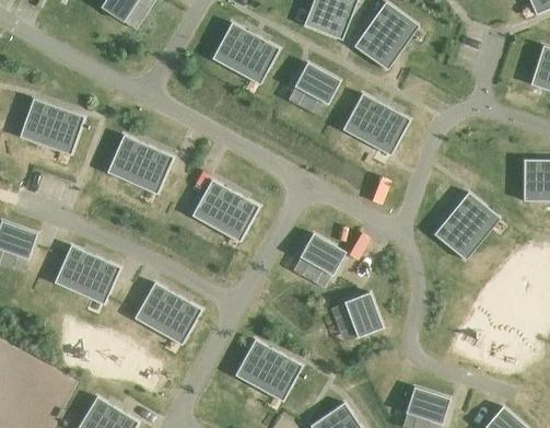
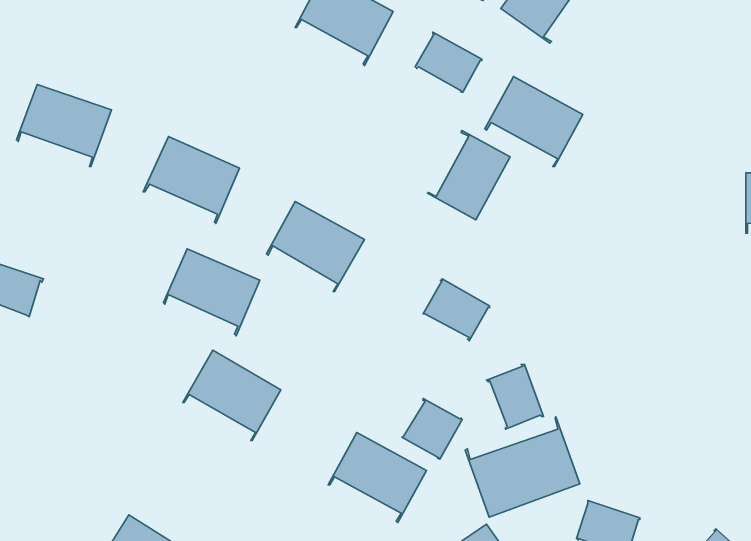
building: none -> [427,130,510,220]
building: [432,193,499,262] -> none
building: [52,246,119,306] -> [163,249,260,336]
building: none -> [402,398,462,459]
building: none -> [465,417,580,517]

